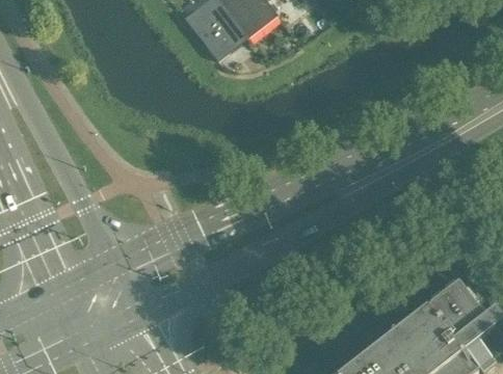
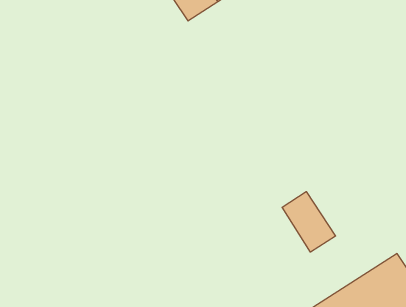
building: none -> [282,192,336,252]

